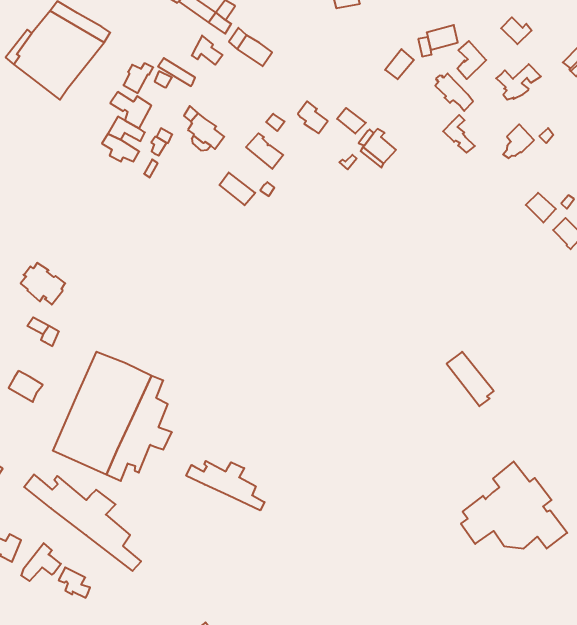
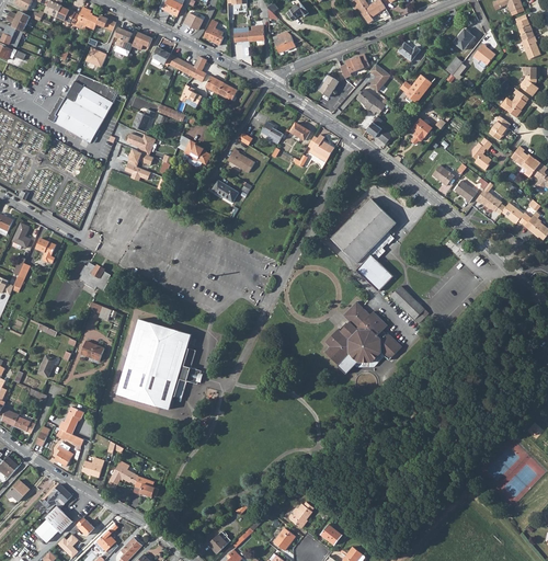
building: none -> [332,199,395,291]
building: [186,461,265,510] -> none
building: [461,461,567,549] -> [324,301,401,364]
building: [24,474,141,571] -> none

